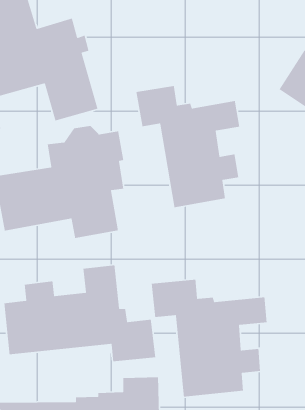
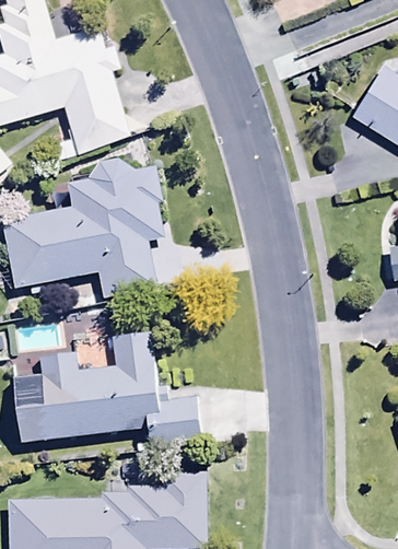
building: [136,85,240,208] -> none
building: [151,279,267,397] -> none

